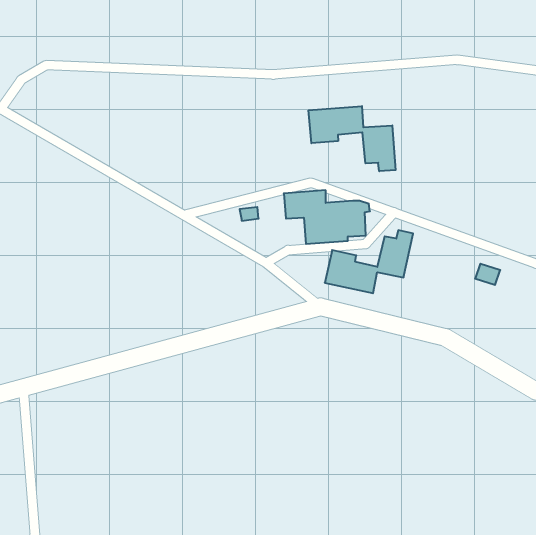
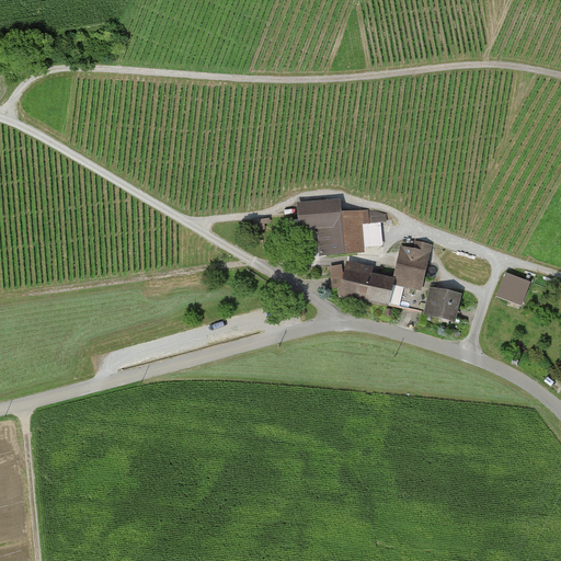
building: [309,106,396,171] -> none
building: none -> [424,286,460,321]

